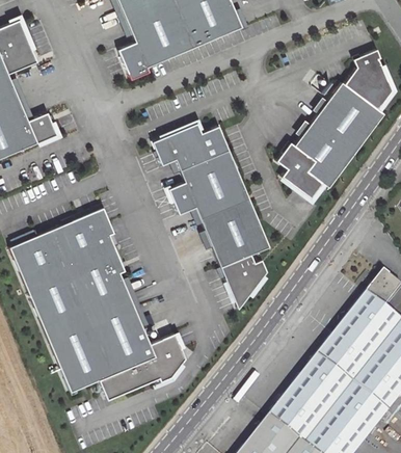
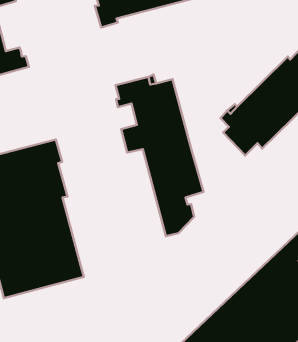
building: [96,335,182,401] -> none

